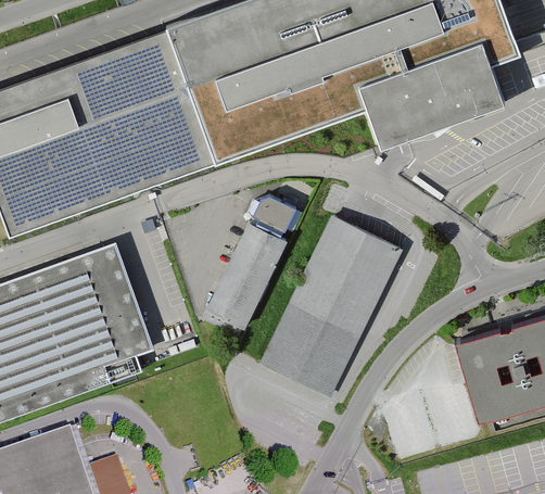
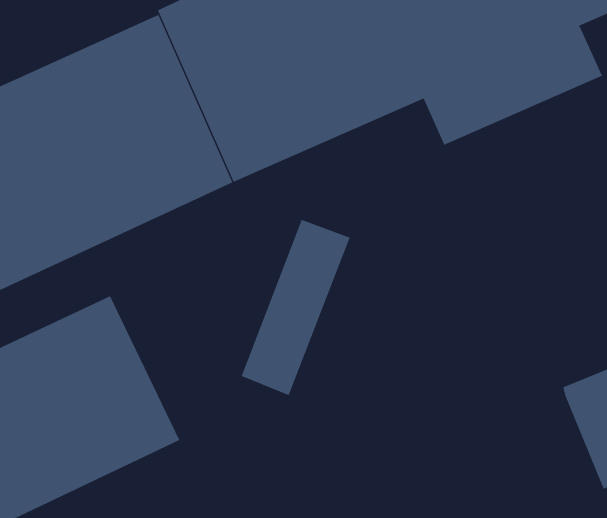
building: [259,215,401,398] -> none

